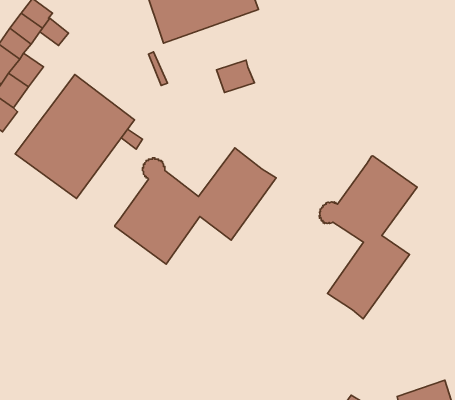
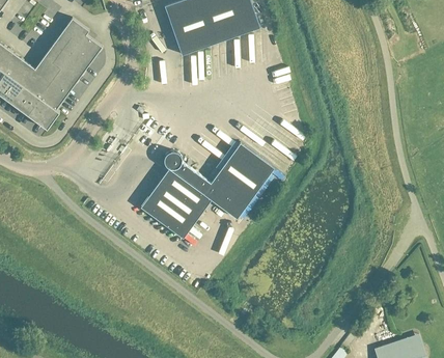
building: none -> [64,46,93,75]
building: [216,60,254,93] -> none
building: [15,75,134,198] -> none
building: [319,156,417,319] -> none

